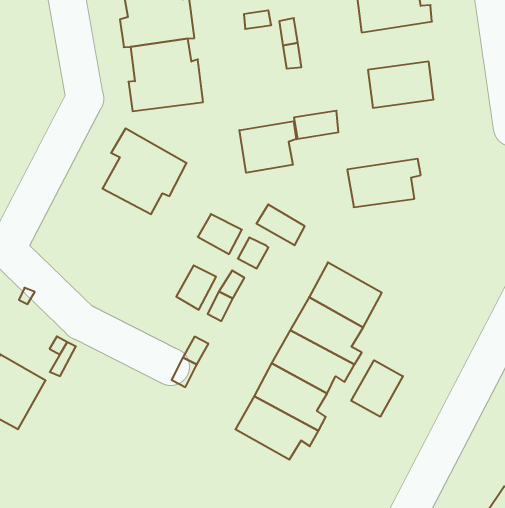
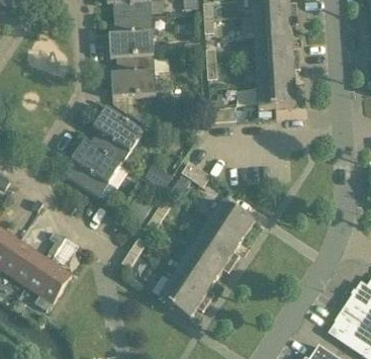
building: [239,121,296,173] -> none
building: [347,159,421,207] -> [255,57,299,83]
building: none -> [68,139,121,199]
building: [351,360,403,417] -> none
building: none -> [25,256,72,309]

